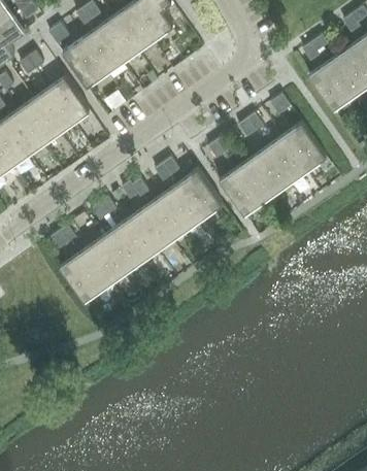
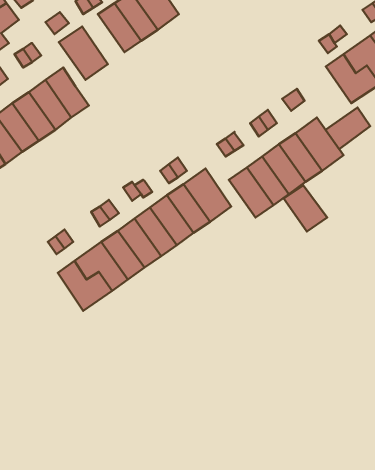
building: [82,28,122,74] -> none
building: none -> [326,108,370,149]
building: none -> [283,185,327,232]

